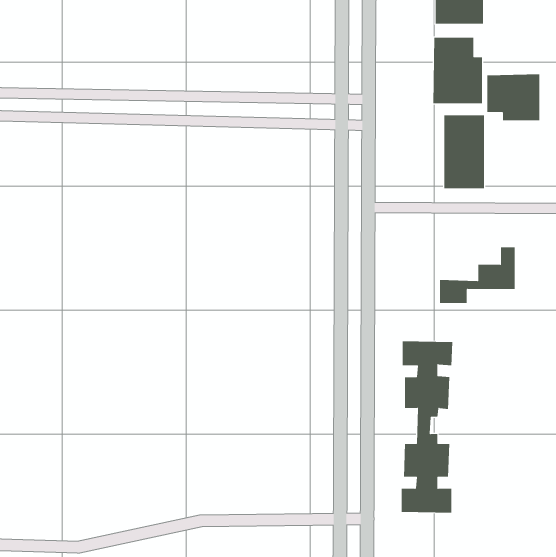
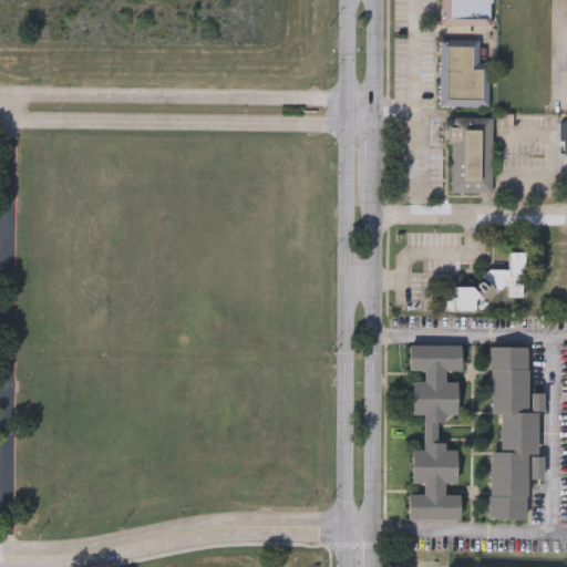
building: [487,74,540,121] -> none
building: none -> [489,347,538,519]

